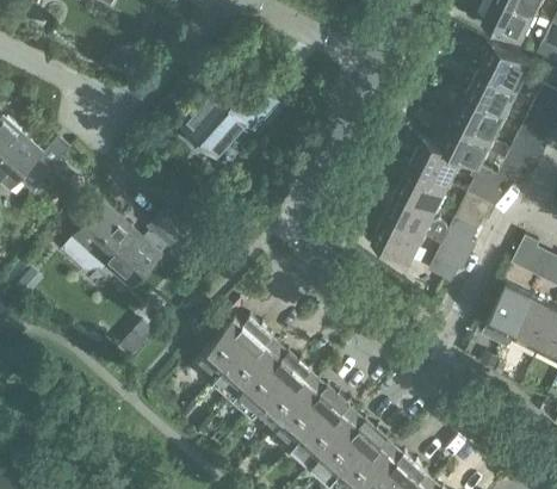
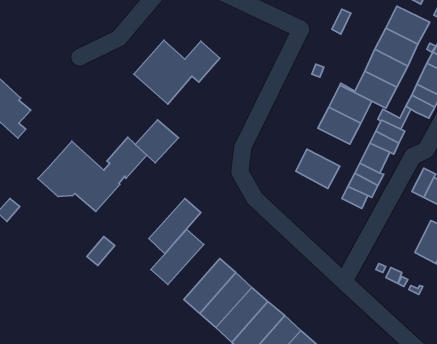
building: none -> [135,120,179,163]
building: [385,188,437,234] -> none
building: [482,285,533,348] -> none
building: [219,327,281,392] -> [149,199,201,254]

